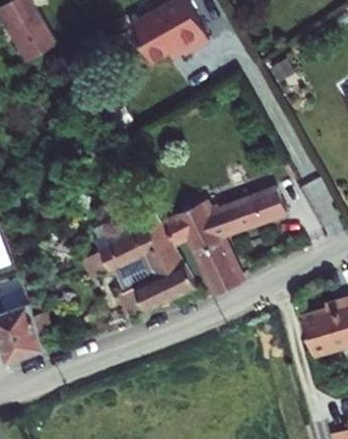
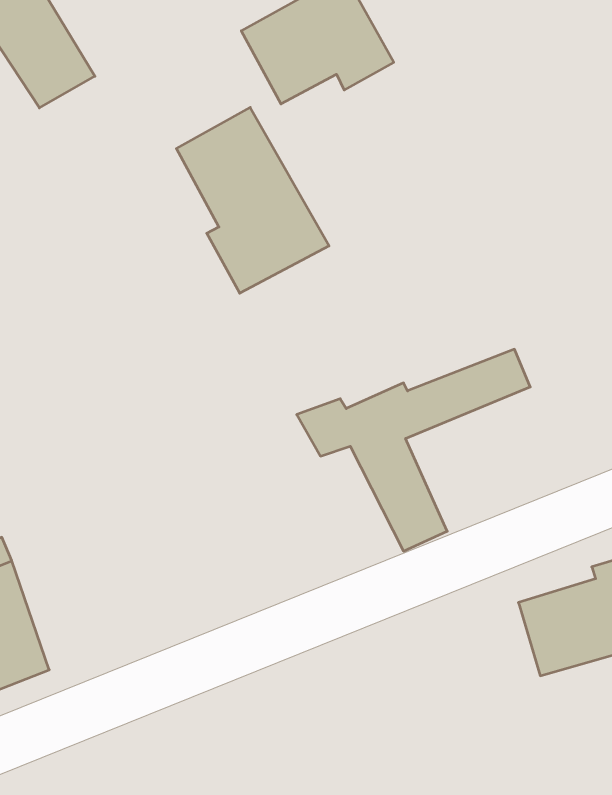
building: none -> [176,107,329,293]
building: [99,209,198,312] -> none

